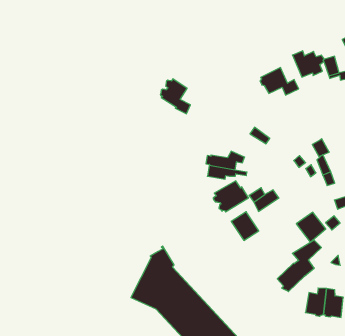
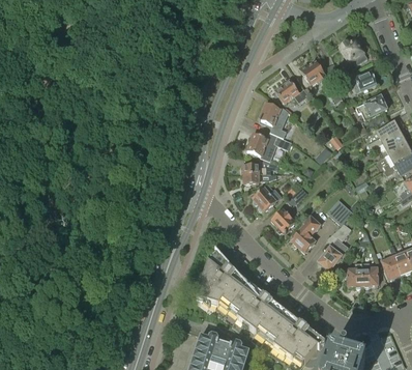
building: [160,79,190,114] -> [246,132,273,160]
building: none -> [259,102,292,124]
building: none -> [292,215,321,252]

